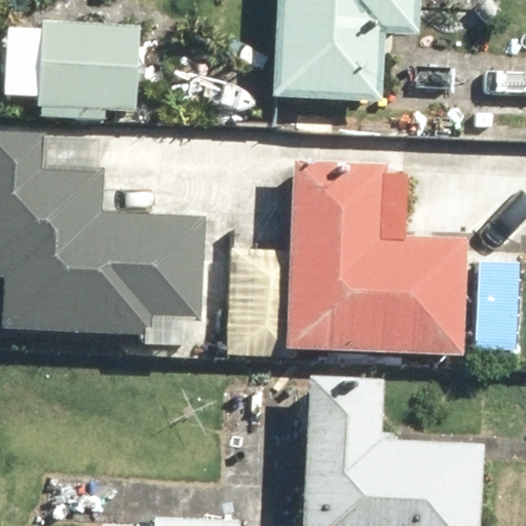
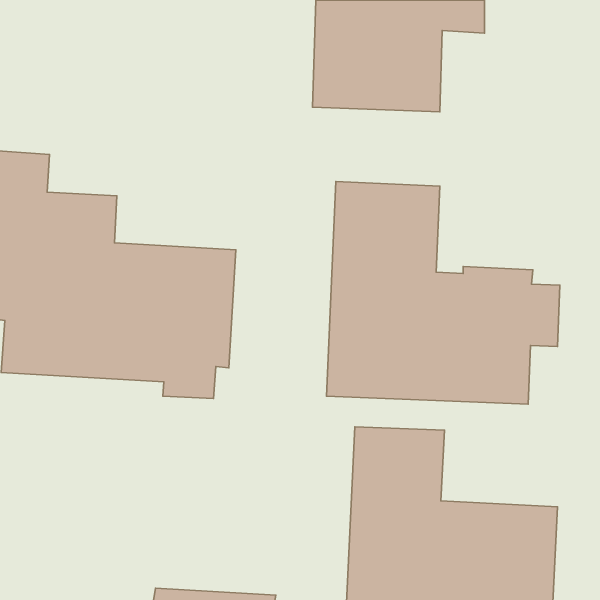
building: [5,22,142,122] -> none

